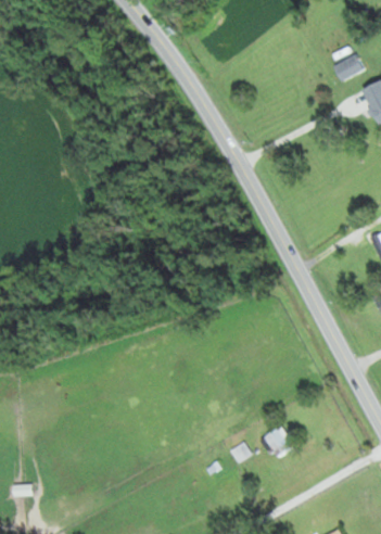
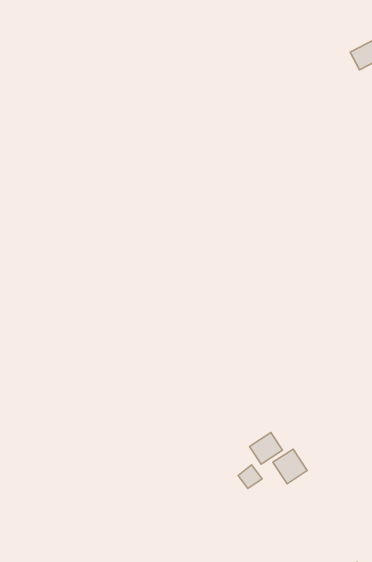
building: none -> [250,432,282,464]

